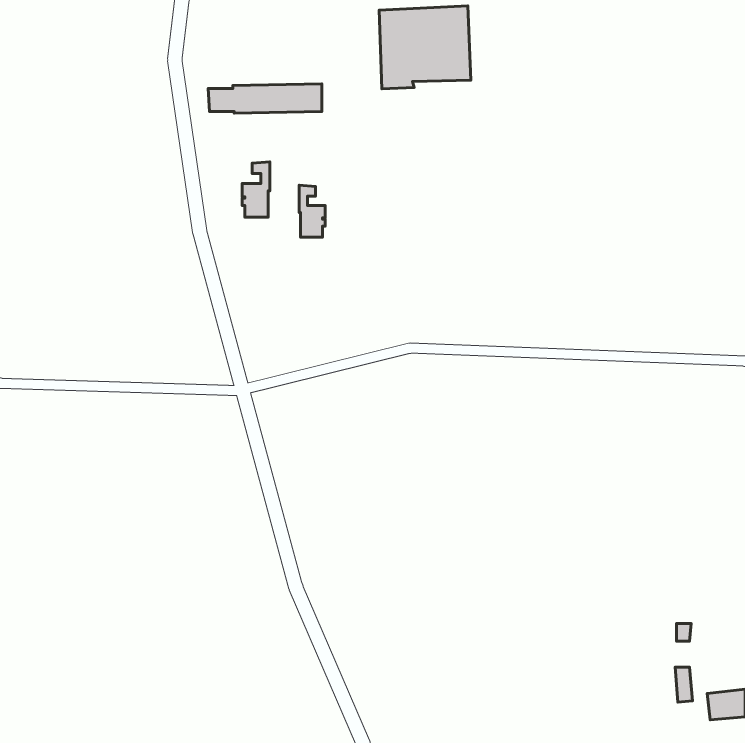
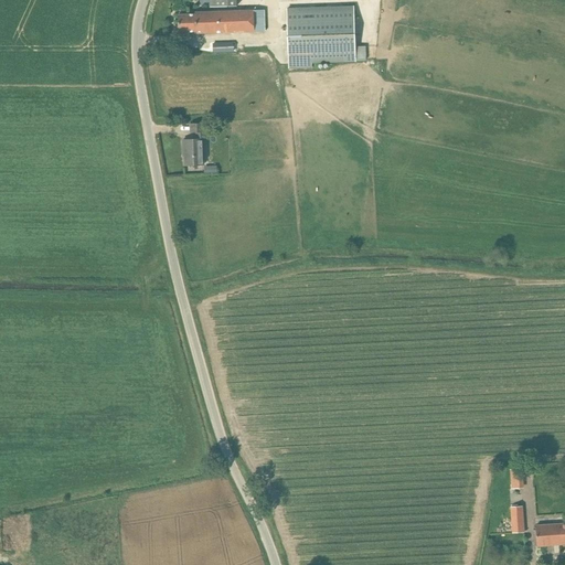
building: [208,84,322,113] -> [178,10,264,32]
building: [299,185,325,237] -> none

